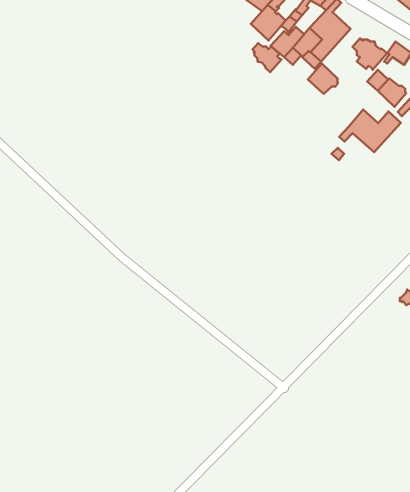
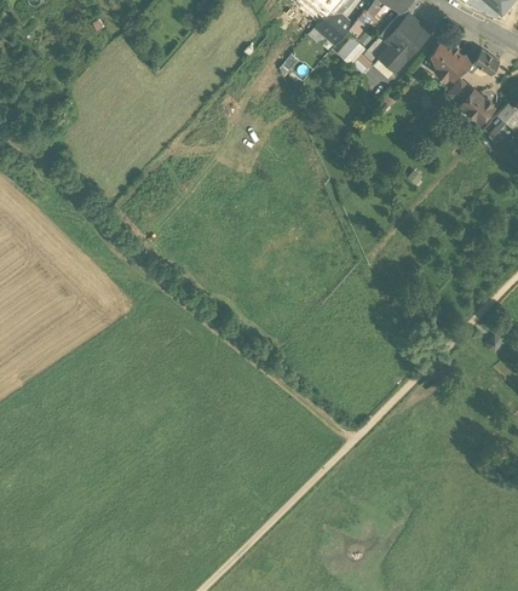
building: [252,43,281,72] -> none
building: [308,63,338,94] -> none
building: [339,110,401,152] -> none

